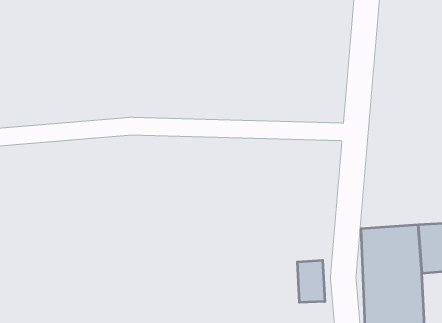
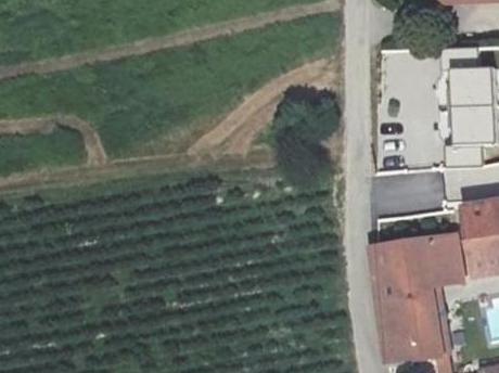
building: [297,260,325,302] -> none

